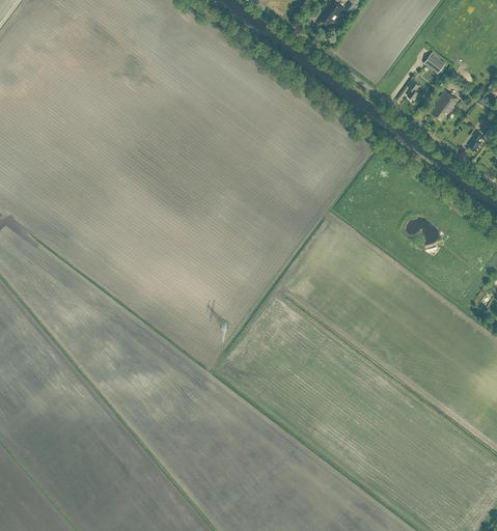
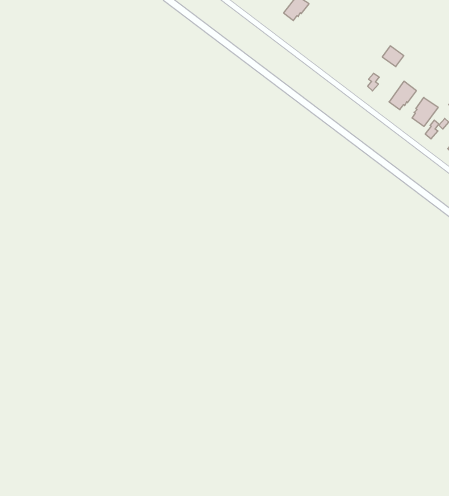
building: none -> [412,97,438,126]

